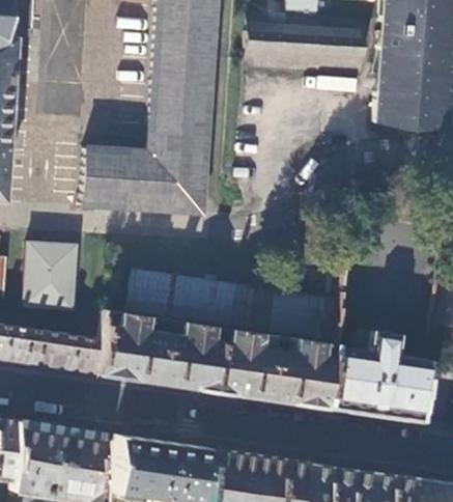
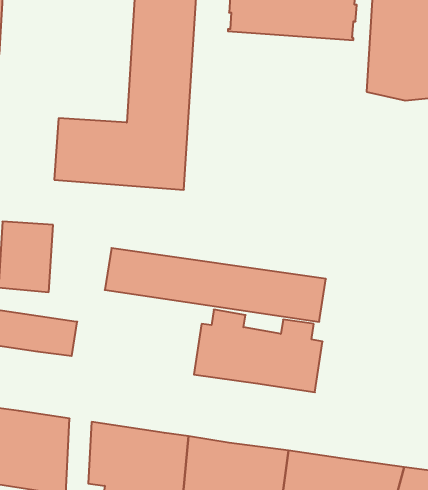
building: [97,314,220,391] -> none
building: [327,333,427,421] -> none

